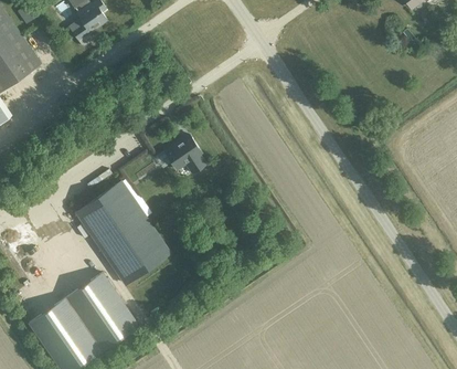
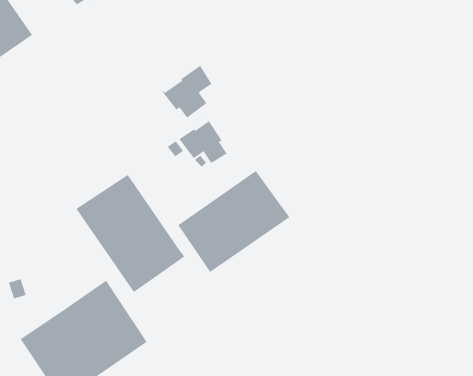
building: none -> [162,65,213,119]
building: none -> [177,170,290,273]

